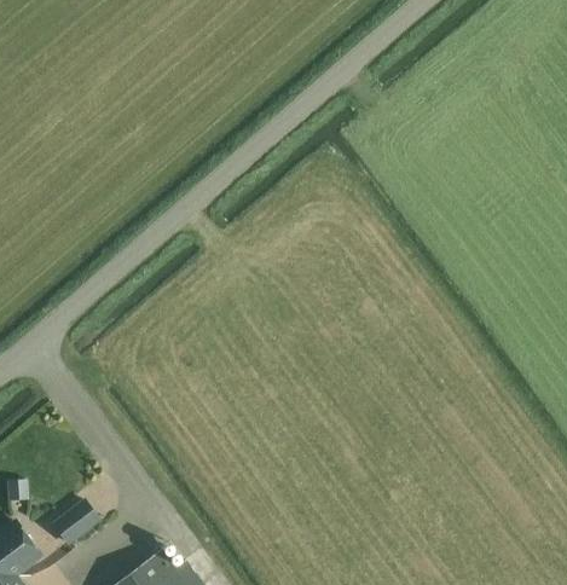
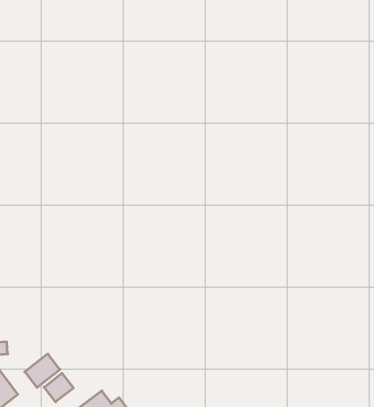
building: none -> [44,373,73,402]

